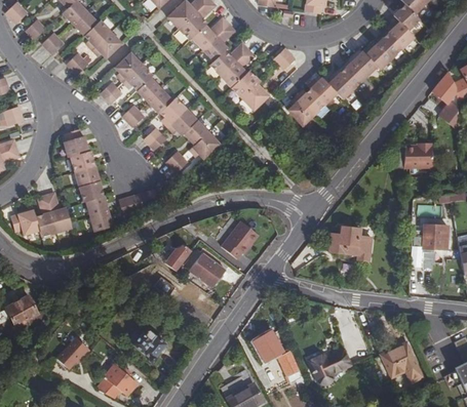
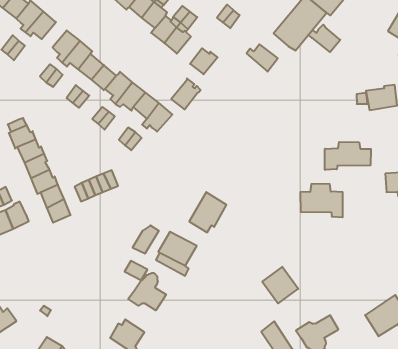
building: [231,70,260,98] -> [171,78,201,109]
building: [307,77,337,104] -> [308,25,340,52]
building: [287,95,314,125] -> none
building: none -> [325,142,371,170]
building: none -> [128,273,166,310]
building: [252,328,285,362] -> [262,267,298,303]

